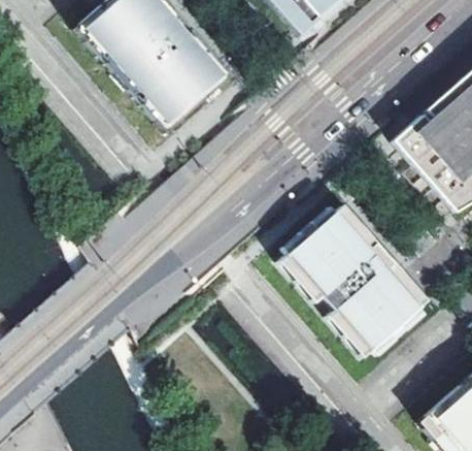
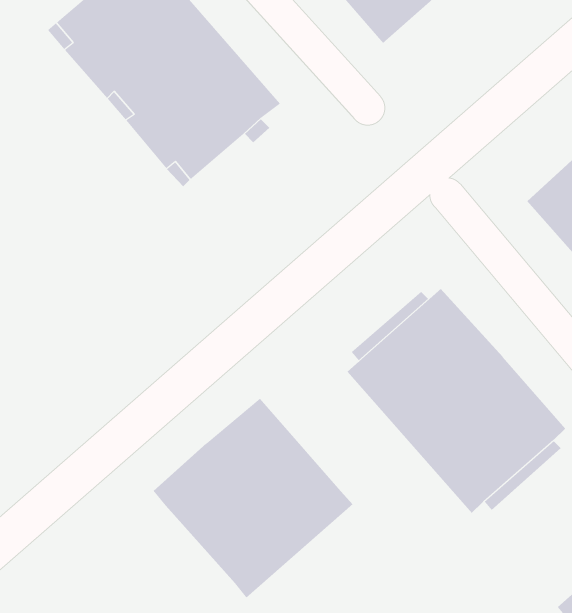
building: none -> [153,398,353,599]

